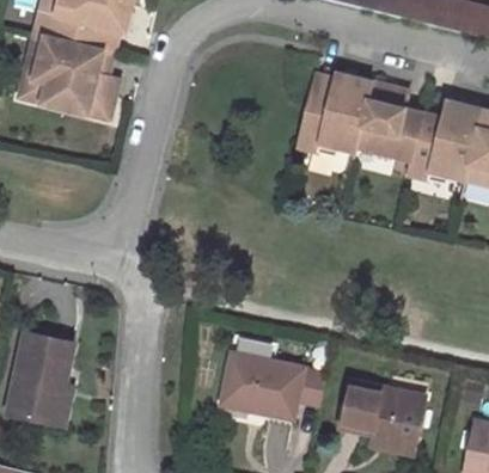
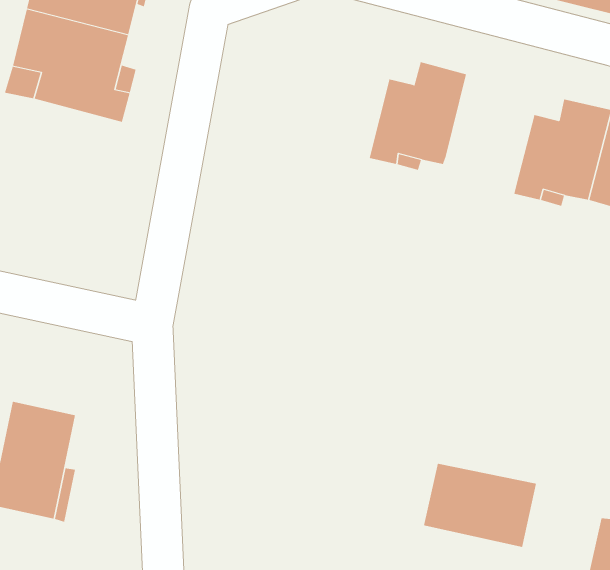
building: [357,82,424,160] -> none
building: [222,339,326,419] -> none

